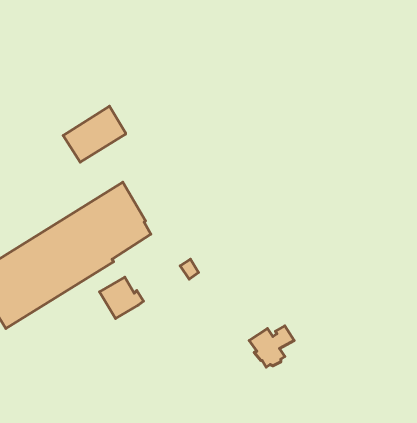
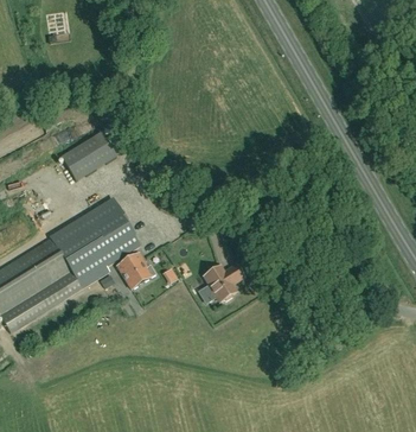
building: [100,277,143,318] -> [117,252,156,288]
building: [249,326,294,367] -> [204,263,244,300]

